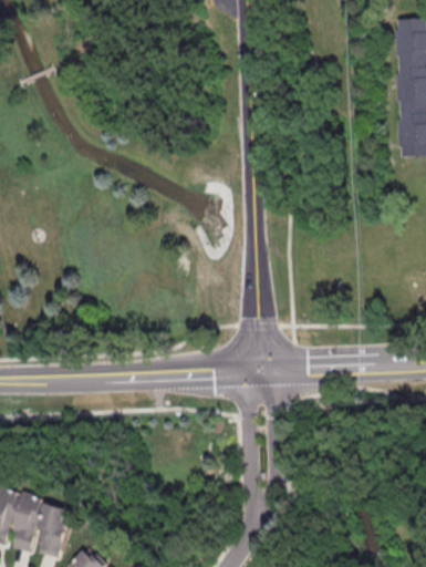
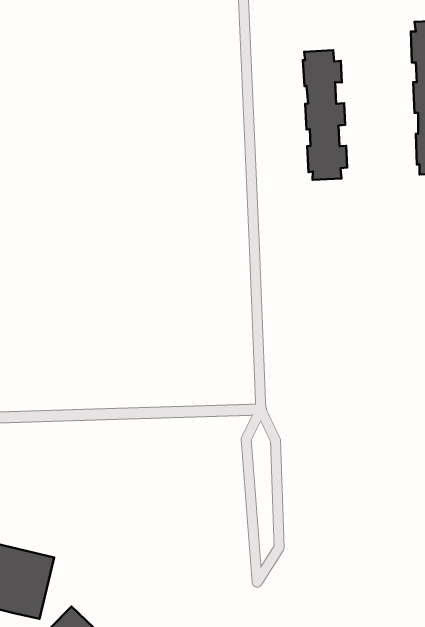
building: none -> [303,50,347,180]

